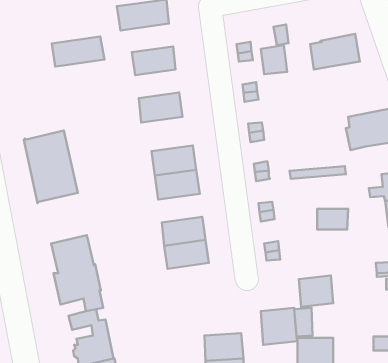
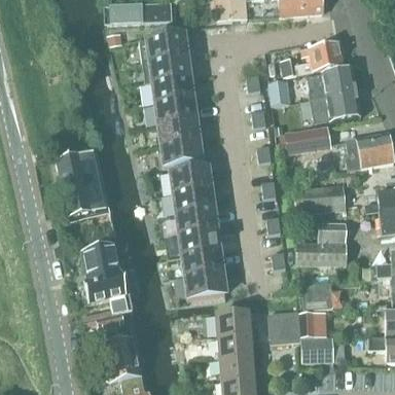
building: none -> [295,41,344,73]
building: [52,37,105,67] -> [143,57,190,83]
building: none -> [316,91,361,122]
building: none -> [156,98,195,123]
building: none -> [287,127,329,152]
building: none -> [161,140,202,166]
building: none -> [295,191,346,212]
building: none -> [177,209,216,235]
building: none -> [297,243,347,264]
building: none -> [185,271,225,297]
building: none -> [216,311,251,335]

